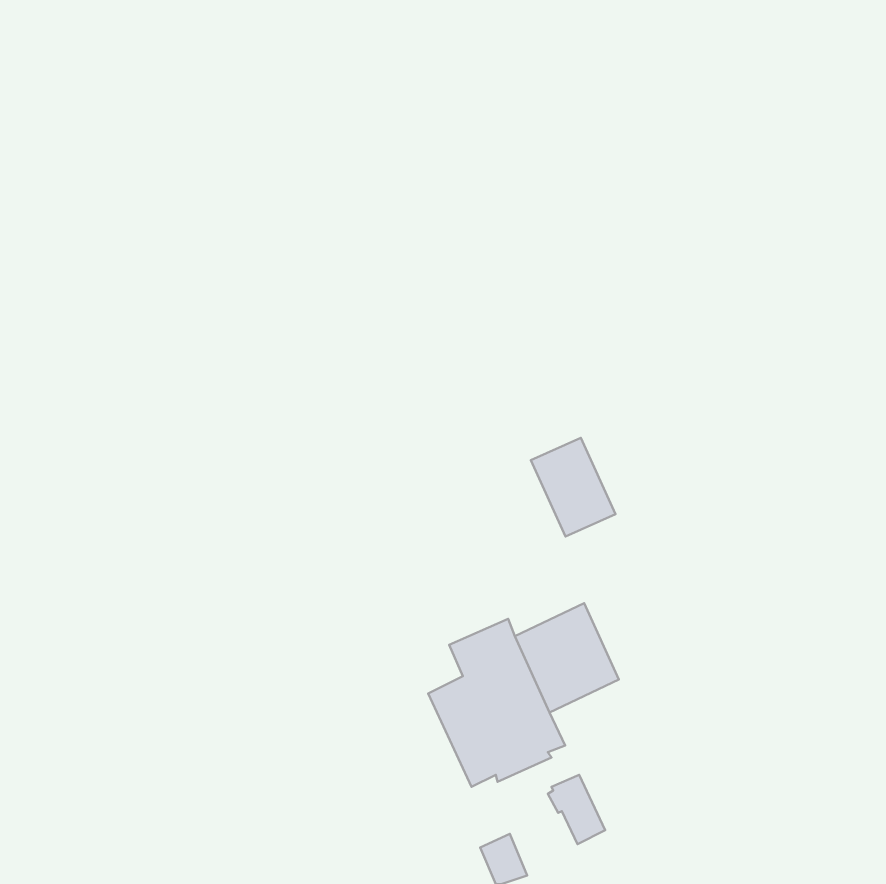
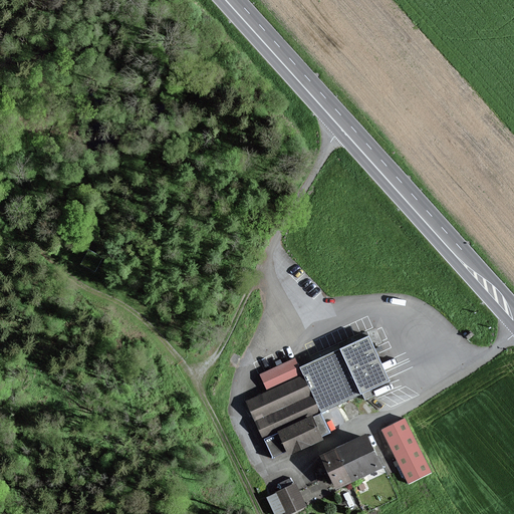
building: [531,438,616,537] -> [338,336,388,394]
building: none -> [380,419,431,484]
building: none -> [335,435,380,481]

